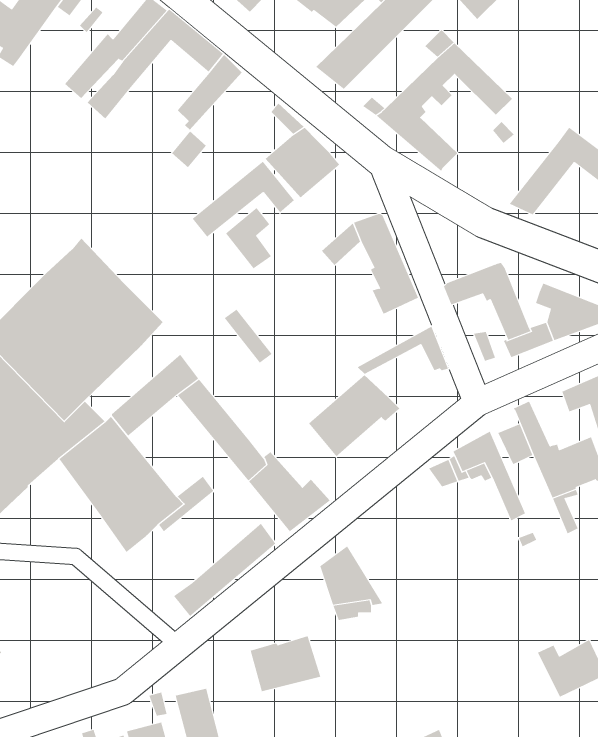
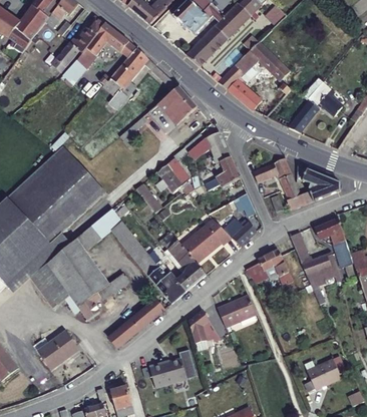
building: [225,207,272,269] -> [158,159,183,192]
building: none -> [224,219,257,247]
building: none -> [166,240,206,286]
building: none -> [31,264,69,306]
building: none -> [216,296,255,329]
building: none -> [37,332,79,372]

